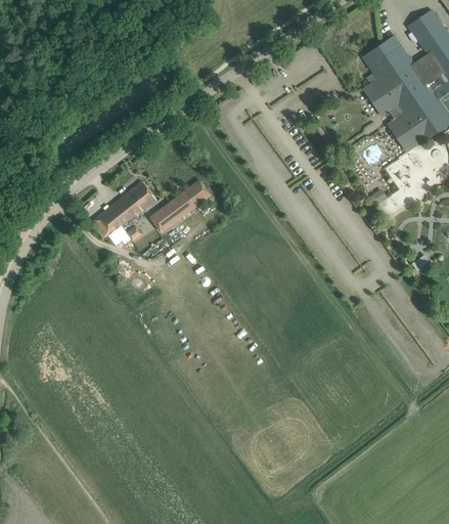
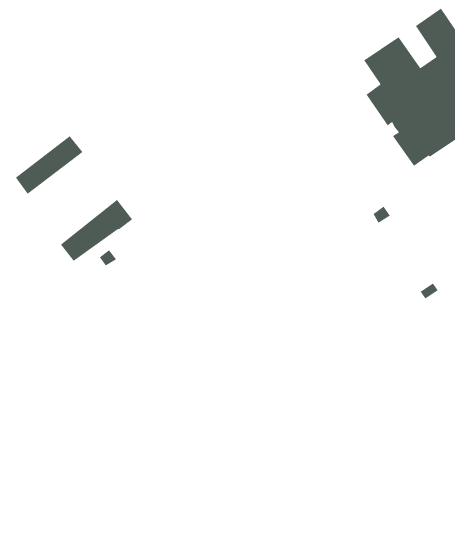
building: [150,180,212,233] -> [15,135,84,195]

